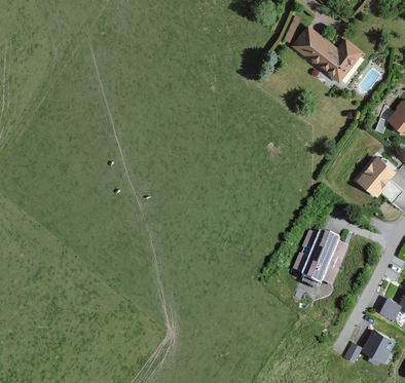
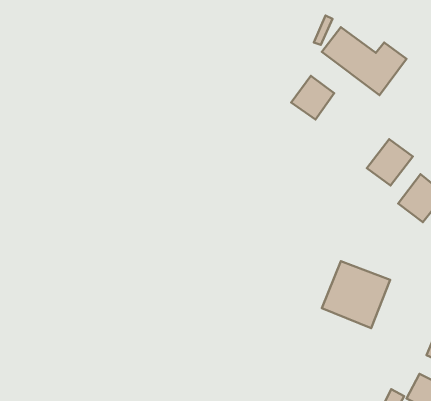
building: none -> [291,76,334,119]
building: none -> [367,139,413,186]

